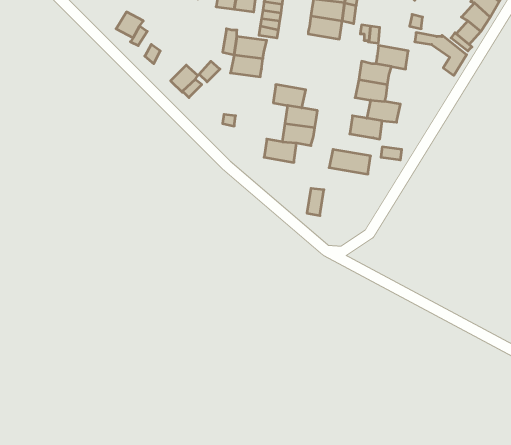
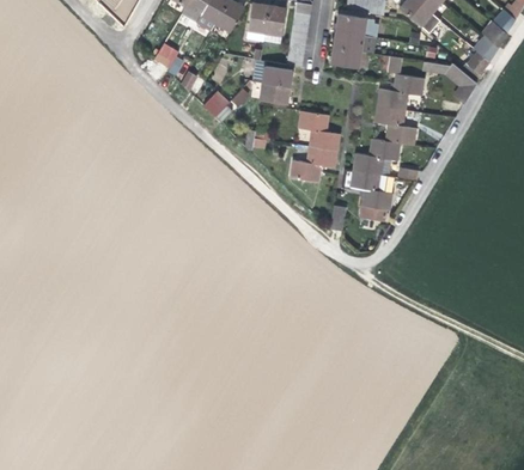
building: none -> [354,153,391,176]
building: none -> [360,189,392,221]

